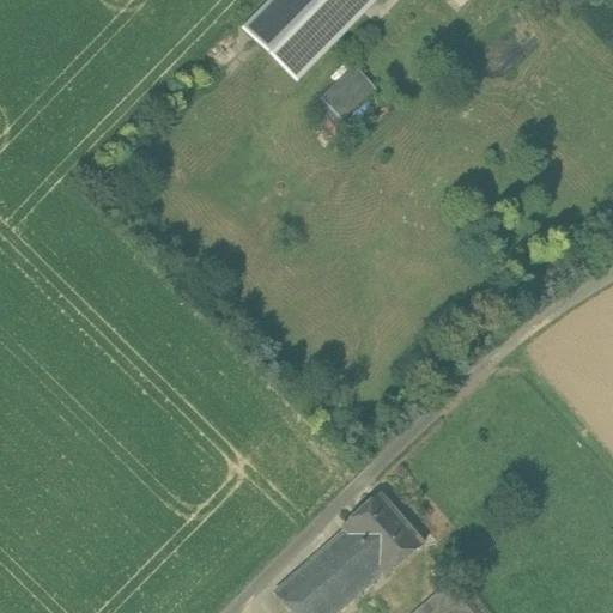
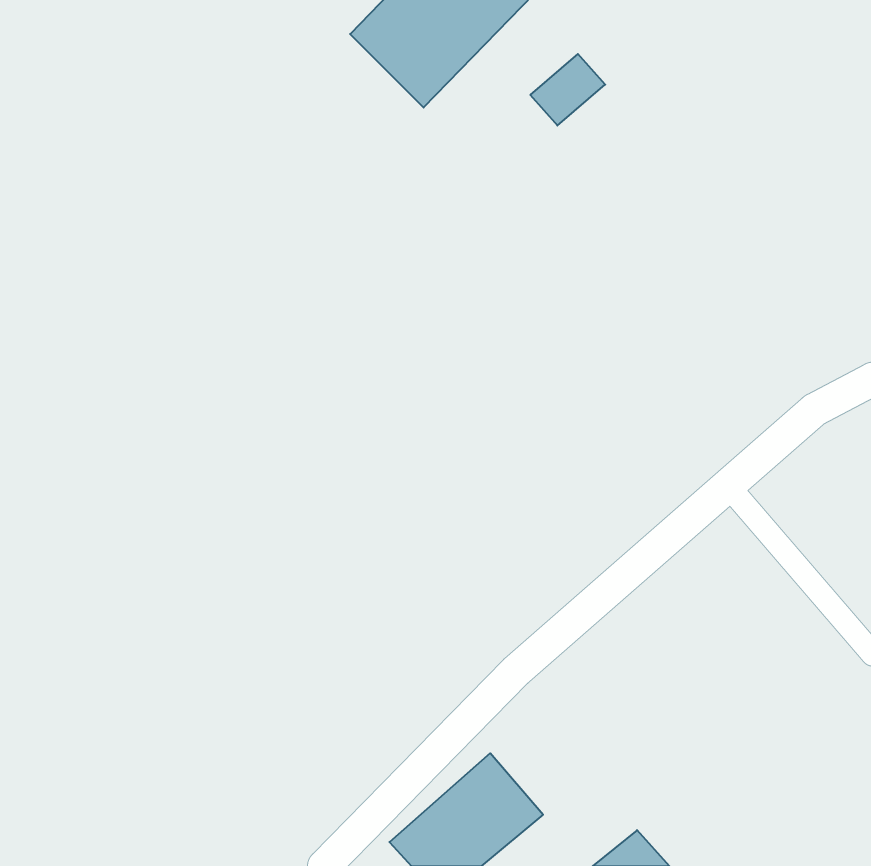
building: [322,65,375,115] -> [530,54,605,126]
building: [341,491,423,575] -> none

